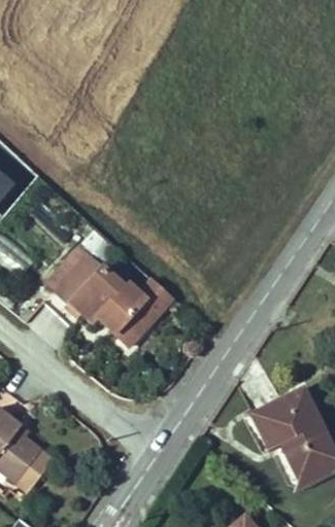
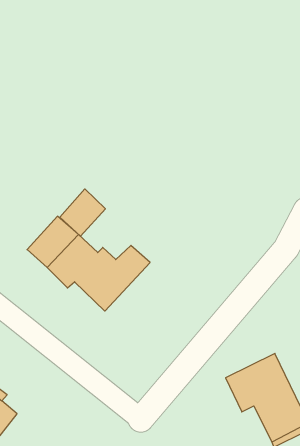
building: none -> [60,189,105,236]

